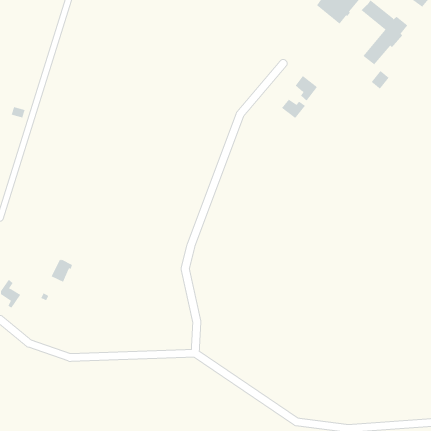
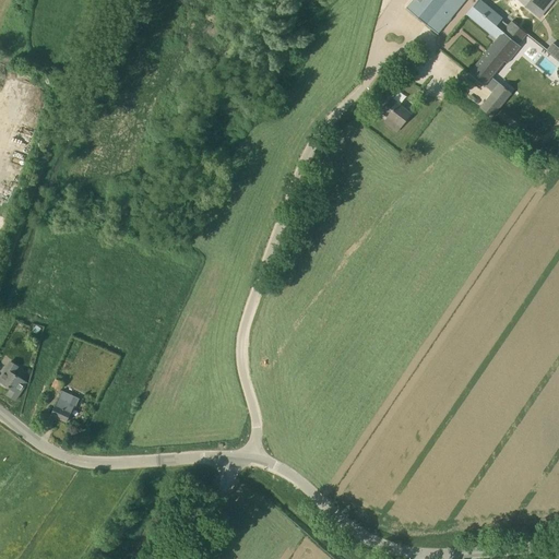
building: [281,99,306,119] -> none
building: [51,259,73,282] -> [51,391,80,421]

